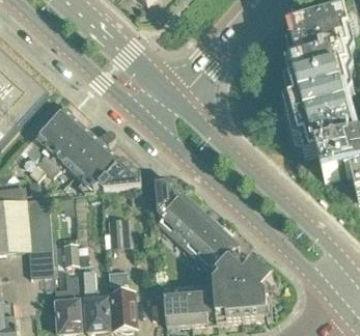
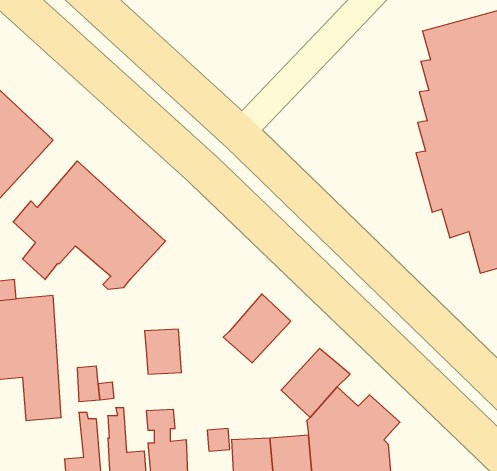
building: [98,157,140,189] -> none
building: [155,180,185,218] -> none
building: [176,212,220,256] -> none

